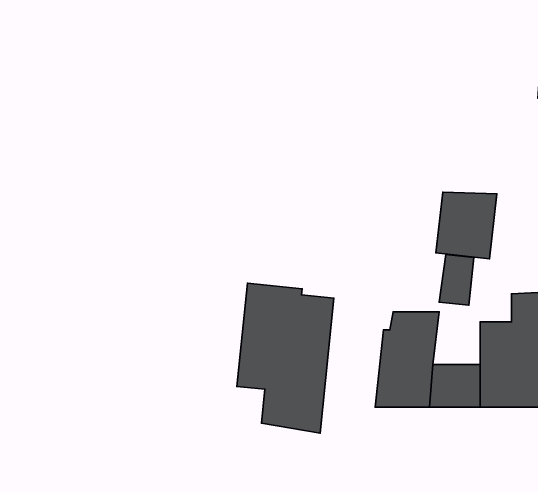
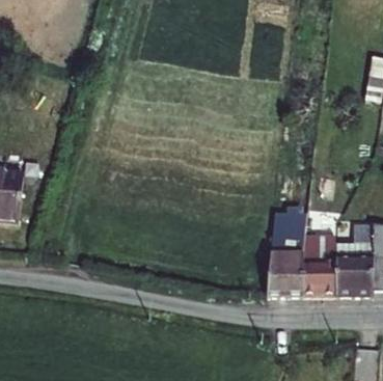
building: [436,192,497,259] -> none
building: [237,283,334,433] -> none

